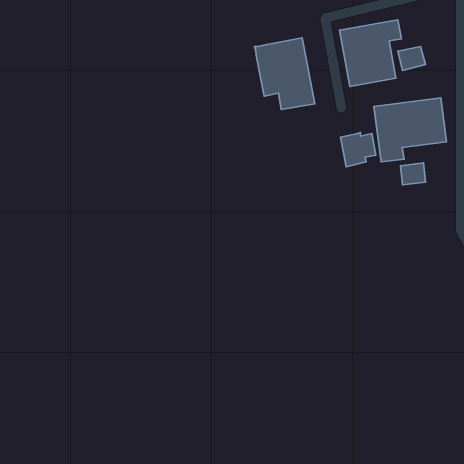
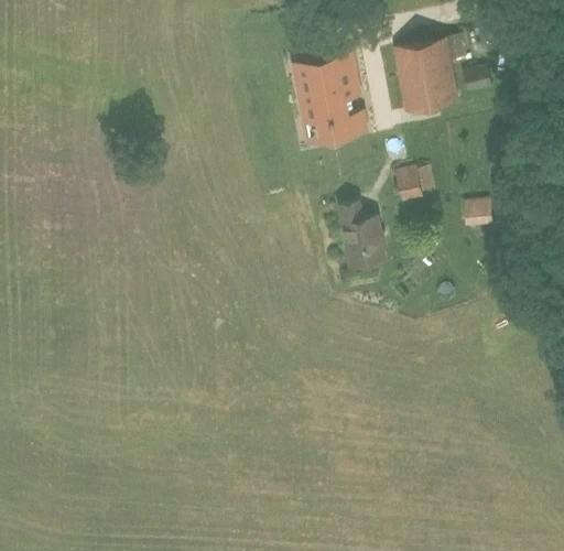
building: [374,98,446,162] -> none
building: none -> [340,202,383,267]

